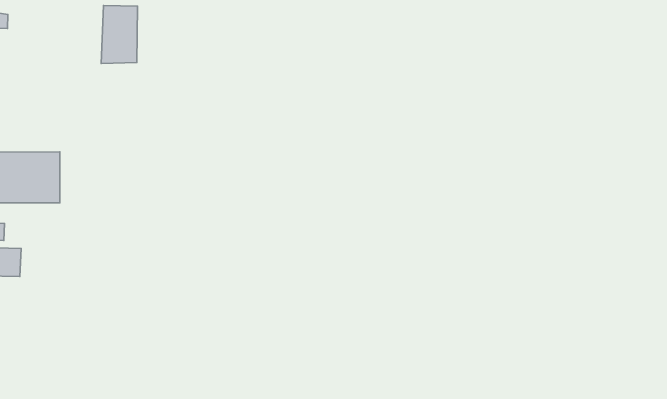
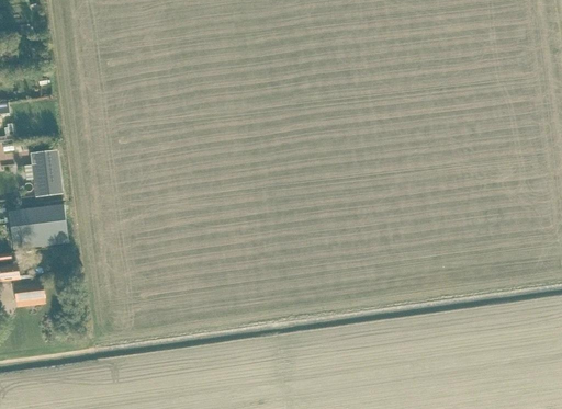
building: [101,6,137,63] -> [30,149,61,197]

